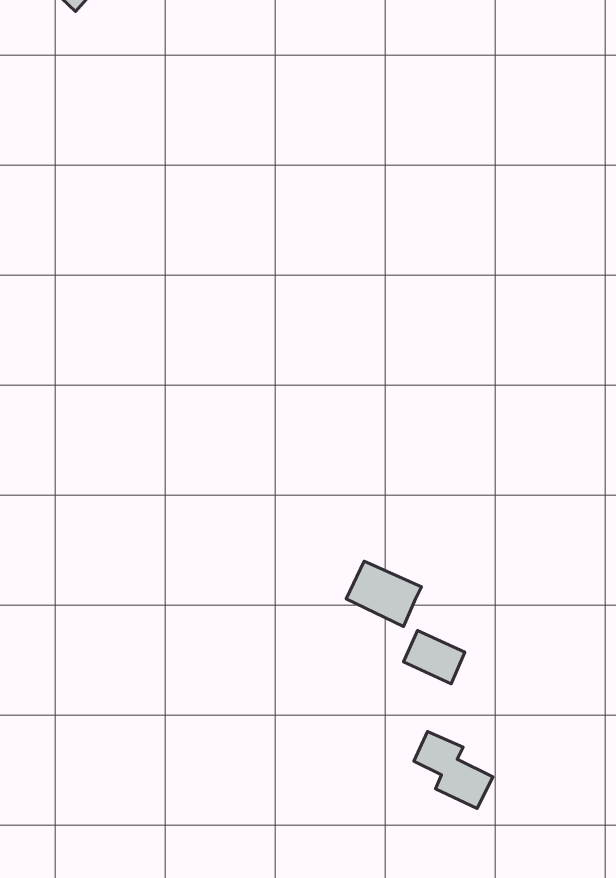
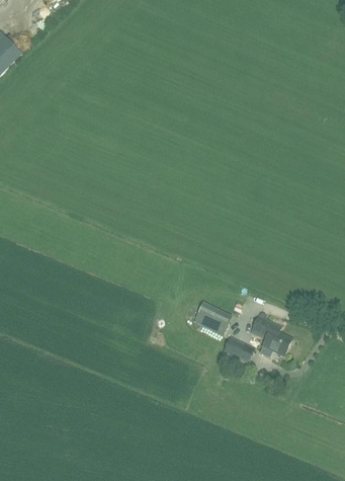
building: [414,731,493,809] -> [251,316,291,355]

